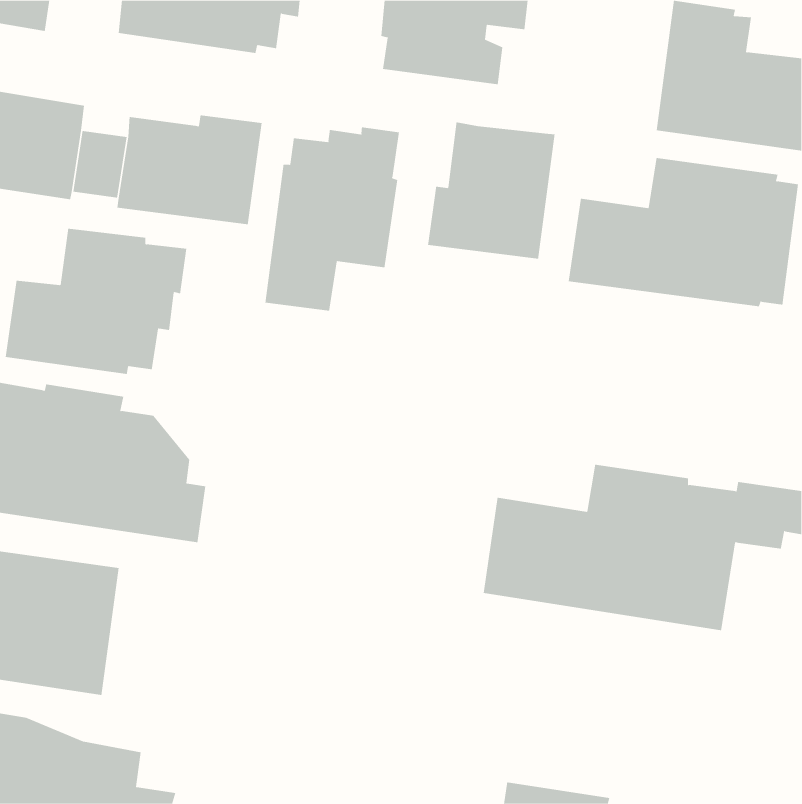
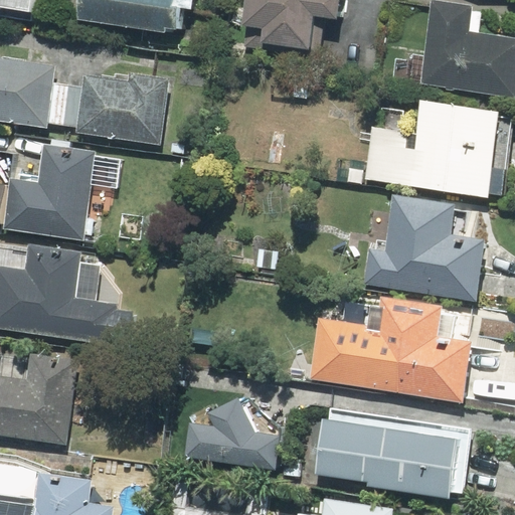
building: [428,121,555,259] -> none
building: [265,127,400,311] -> none
building: none -> [364,195,482,301]
building: none -> [183,395,280,469]
building: none -> [313,408,472,498]

